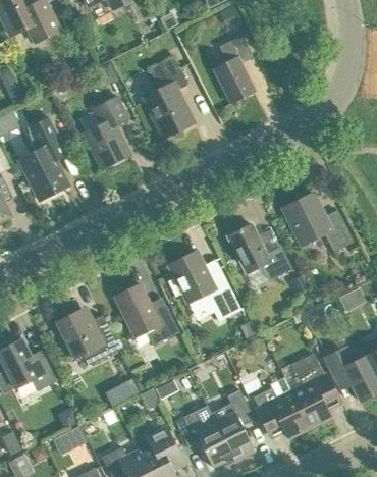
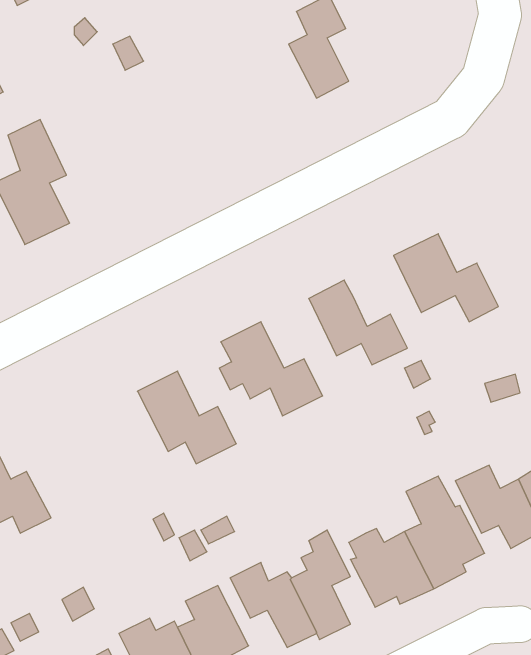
building: [144,56,194,138] -> none
building: [84,95,129,168] -> none
building: [56,305,119,365] -> none

